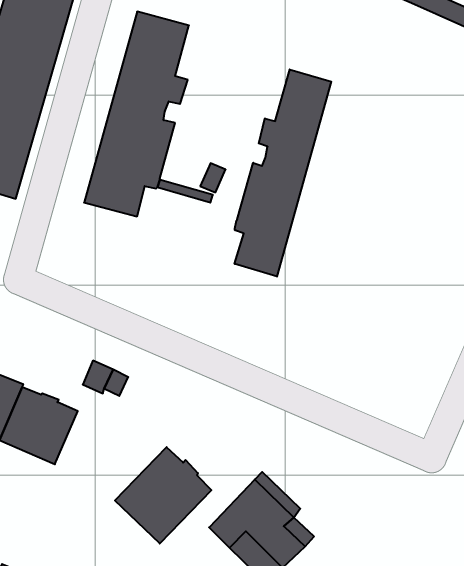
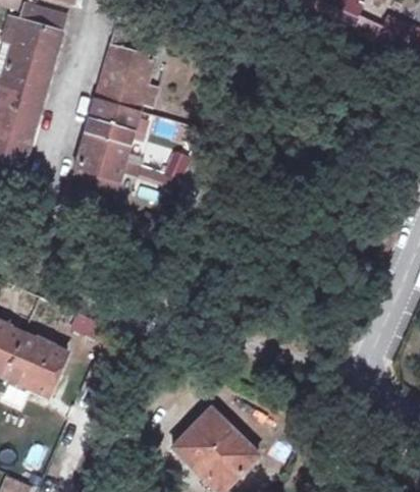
building: [235,69,331,277] -> none
building: [115,447,211,544] -> none

